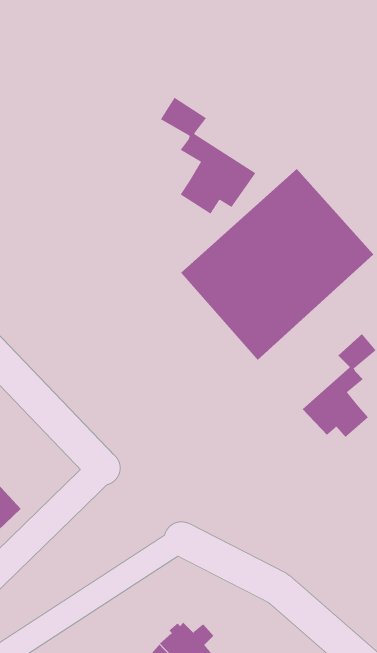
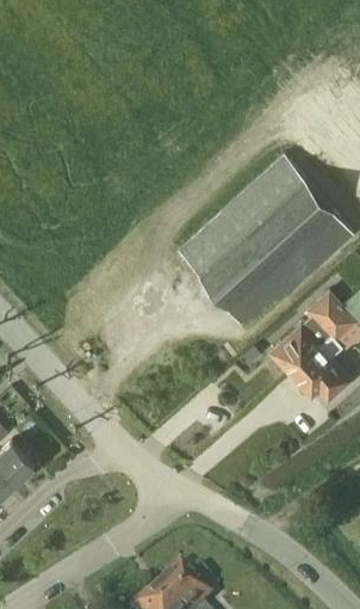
building: [160,97,256,214] -> none
building: none -> [271,291,343,376]

